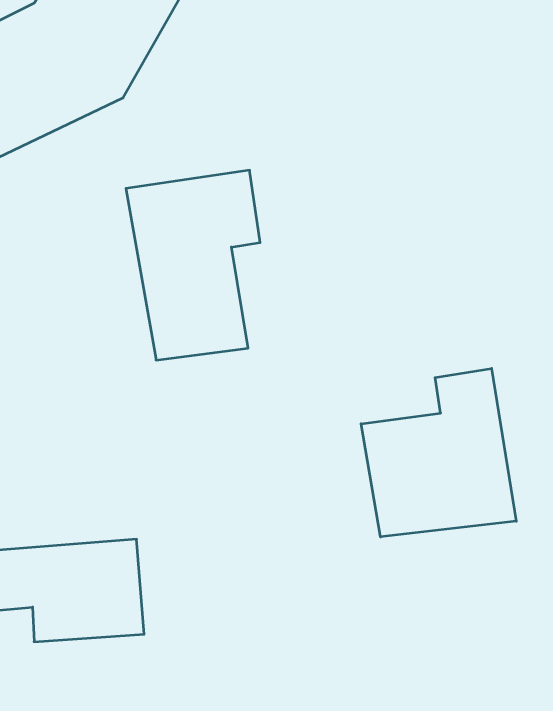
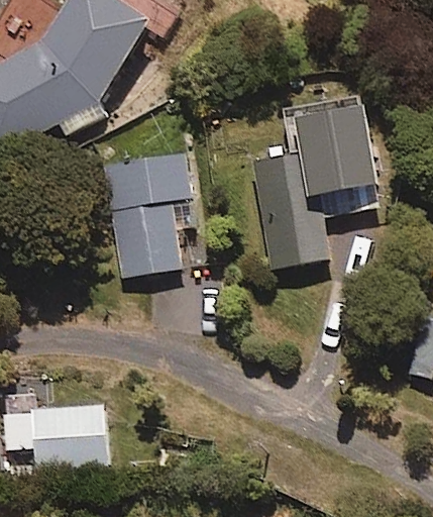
building: none -> [252,104,376,270]
building: [361,368,516,537] -> none

